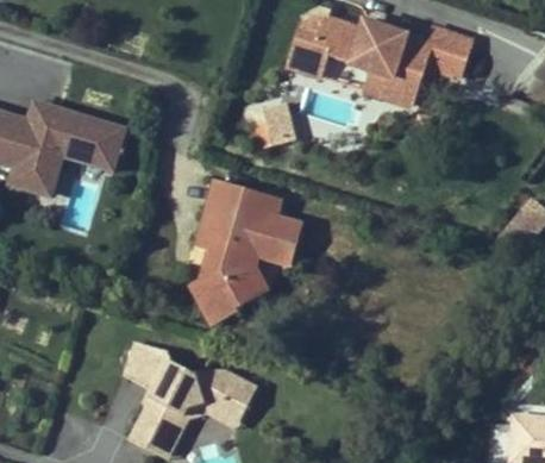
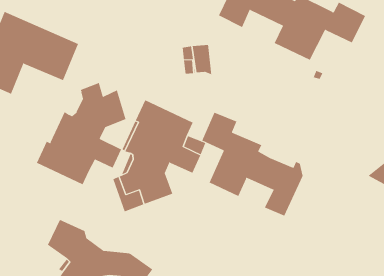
building: none -> [36,82,126,185]
building: none -> [201,112,303,217]

